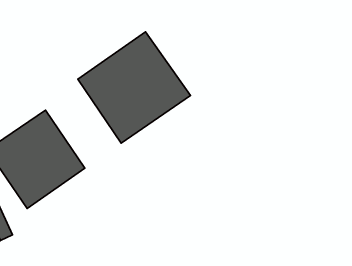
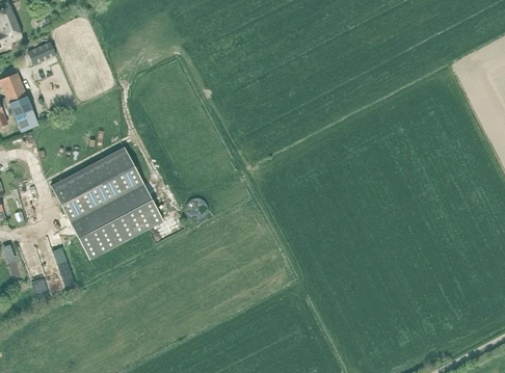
building: [78,32,191,143] -> none

